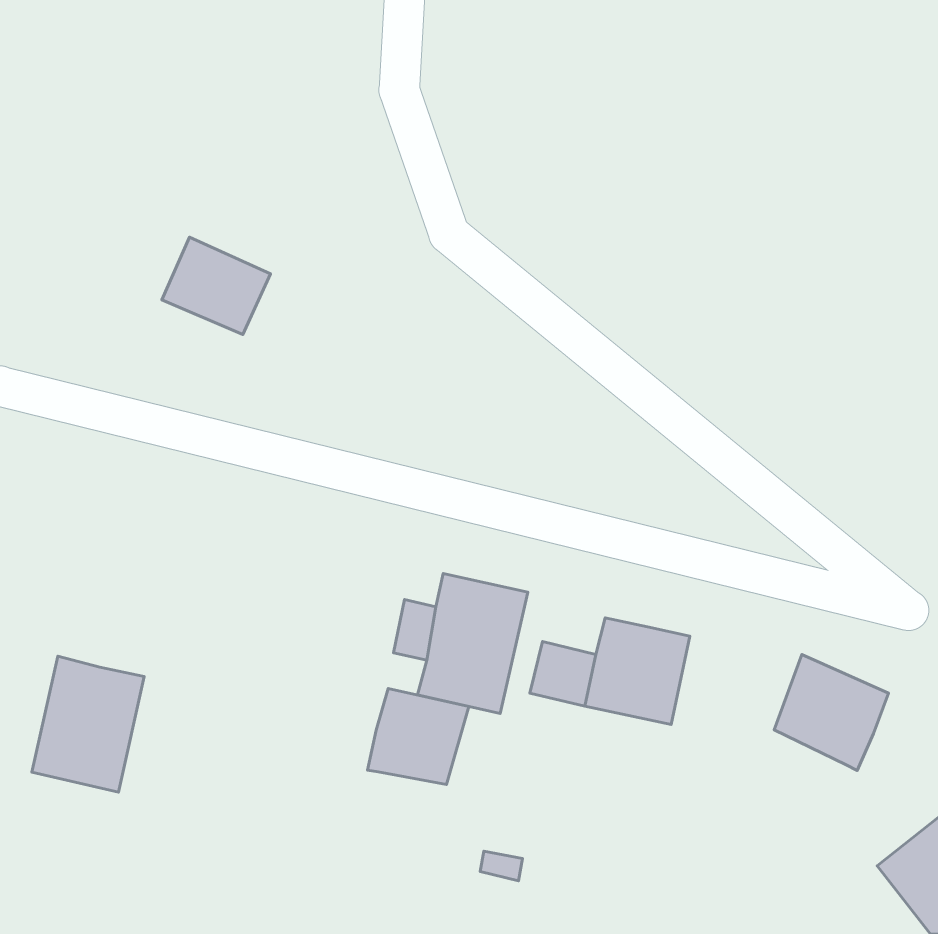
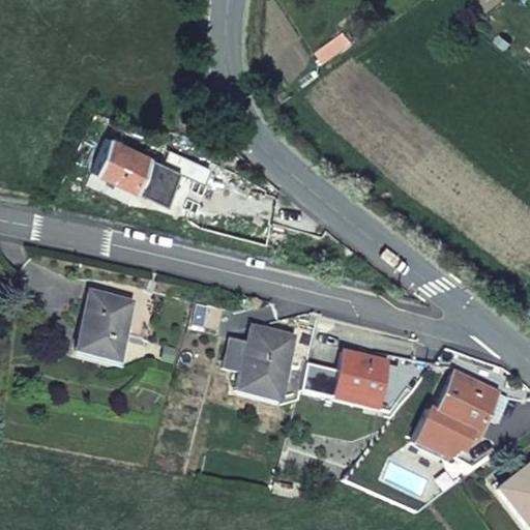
building: none -> [138,154,183,203]
building: [32,656,144,792] -> [75,287,138,363]
building: [367,688,469,784] -> none
building: none -> [415,408,477,461]

